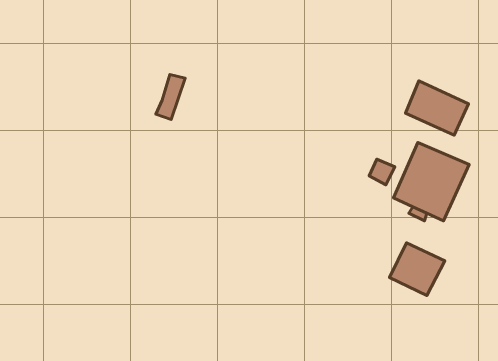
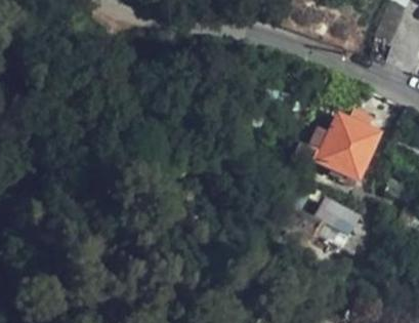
building: [406,81,468,135] -> none

